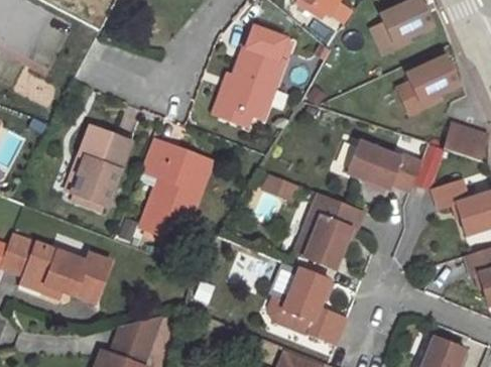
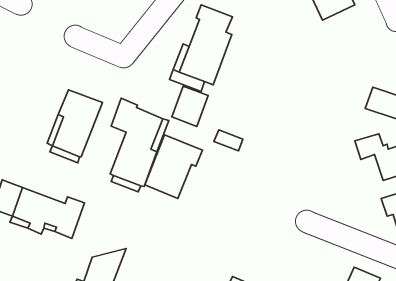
building: [405,56,456,102] -> none
building: none -> [172,86,208,126]
building: [345,141,419,192] -> none
building: [292,193,361,268] -> [145,135,203,198]
building: [267,267,348,346] -> none

